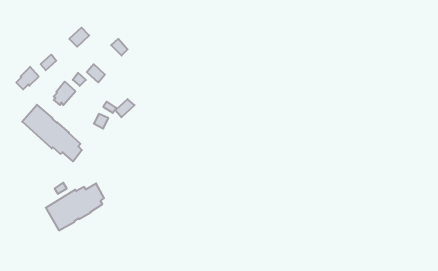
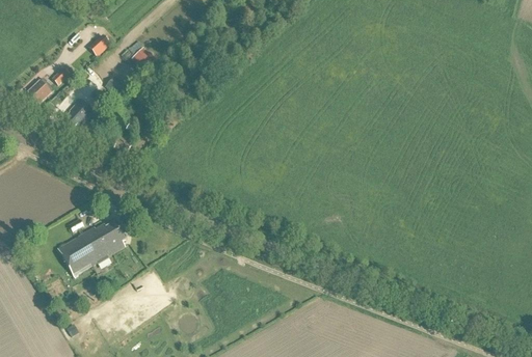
building: [22,105,82,161] -> none

